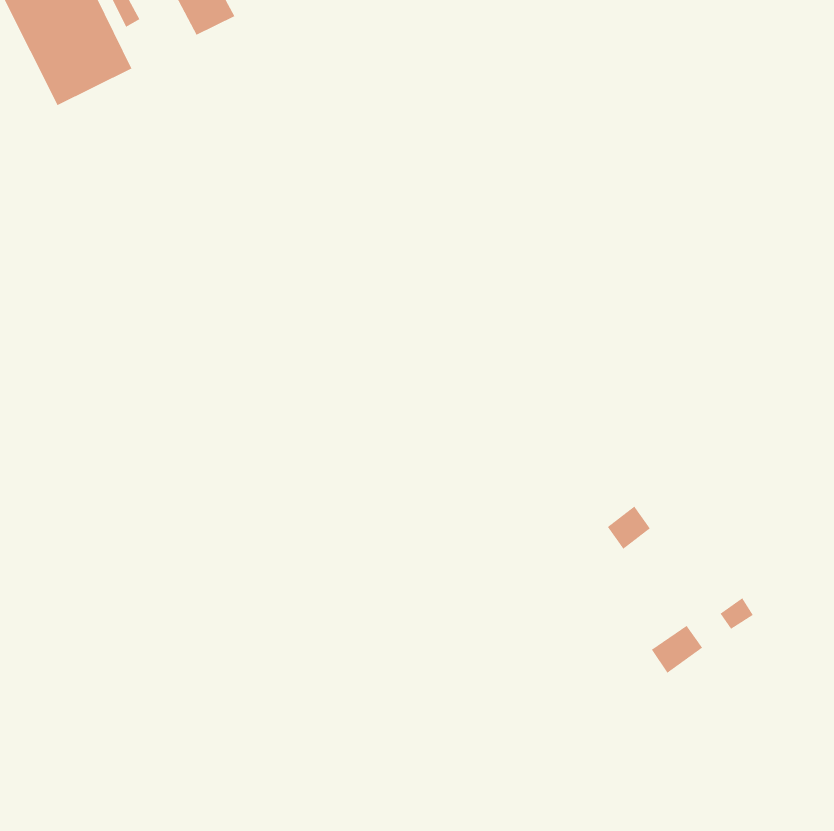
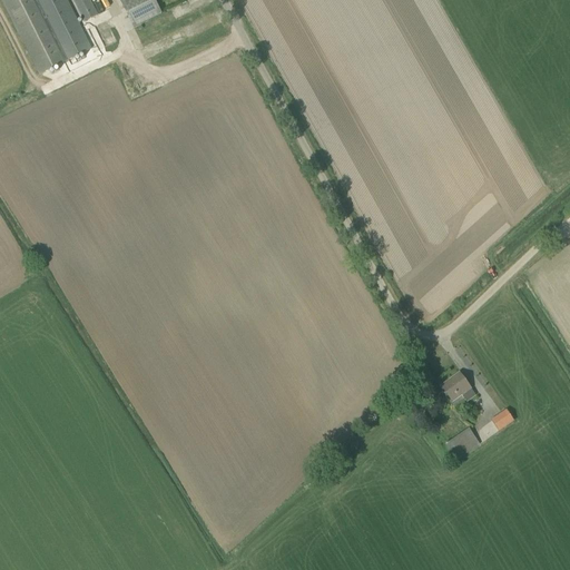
building: [607,506,651,550] -> [440,370,470,400]

